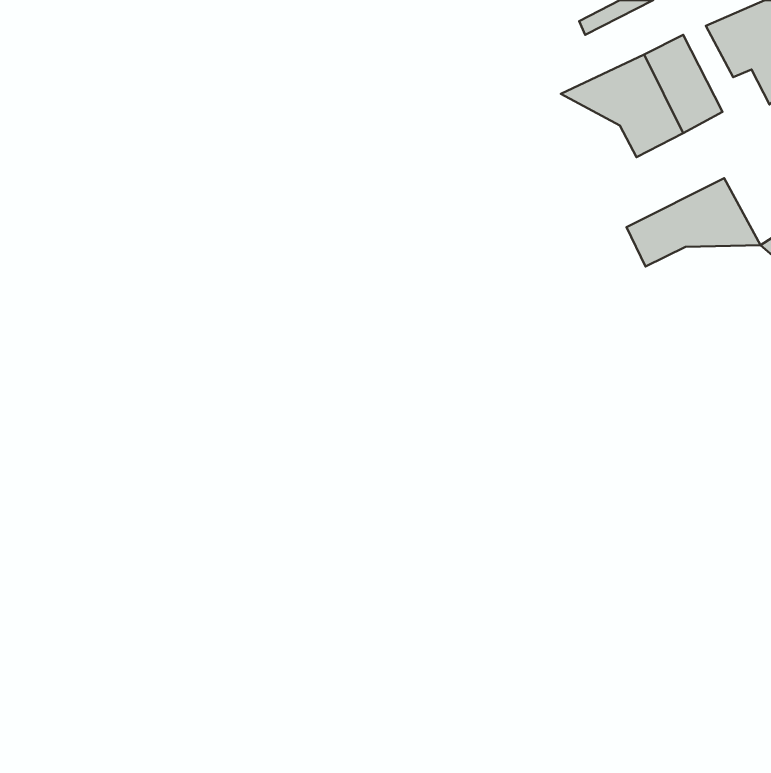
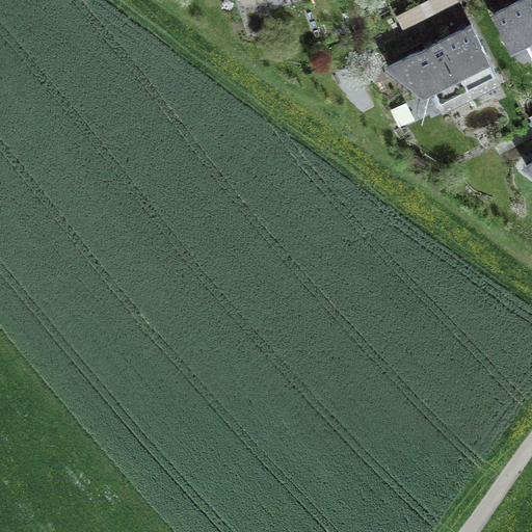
building: [627,178,760,266] -> none

